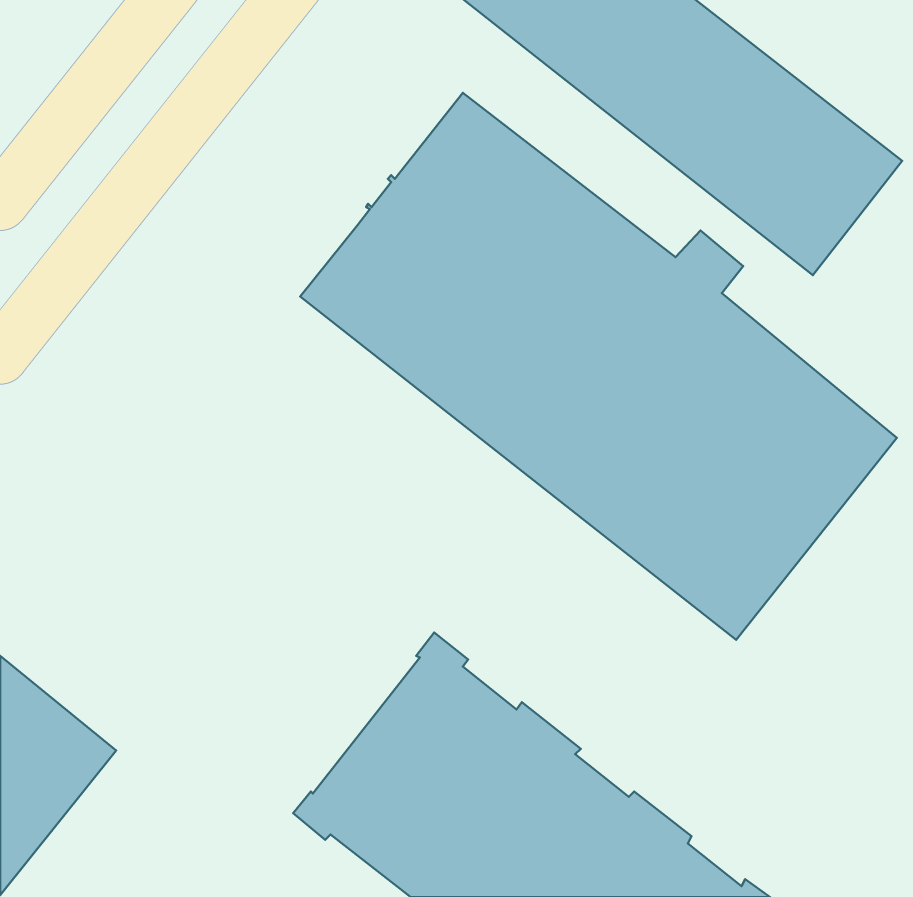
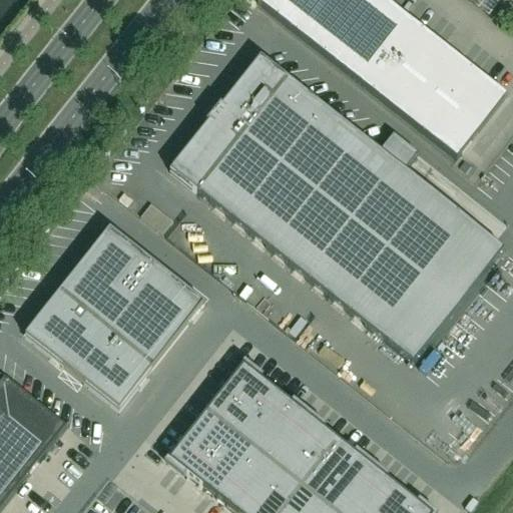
building: none -> [24,223,203,406]

